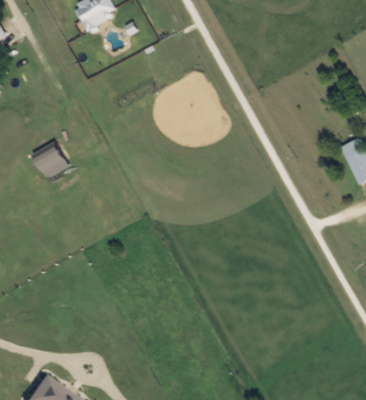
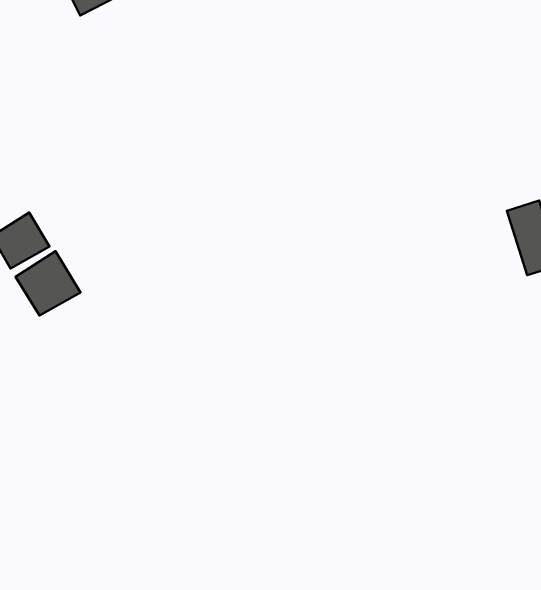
building: none -> [16,251,80,315]

